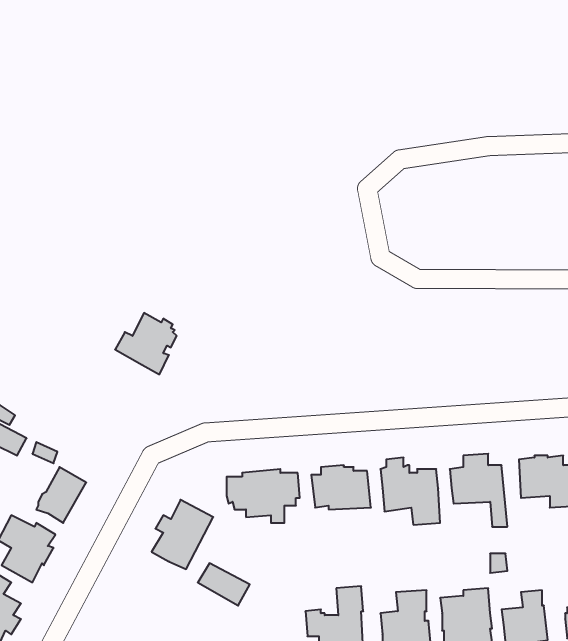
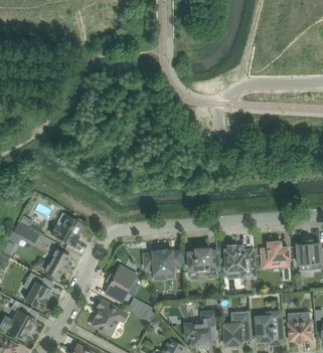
building: [115,313,177,374] -> [50,214,83,246]
building: none -> [91,300,125,334]

